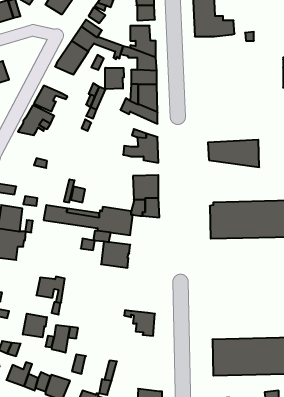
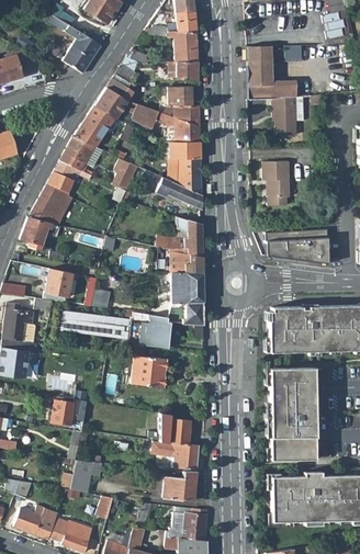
building: none -> [272,99,295,137]
building: none -> [61,138,94,171]
building: [105,68,124,89] -> none
building: none -> [261,162,289,205]
building: none -> [21,219,69,250]
building: none -> [171,252,203,274]
building: none -> [46,270,74,298]
building: none -> [268,368,315,461]
building: none -> [168,418,192,444]
building: [23,314,47,337] -> none
building: none -> [164,472,196,501]
building: none -> [161,509,207,542]

